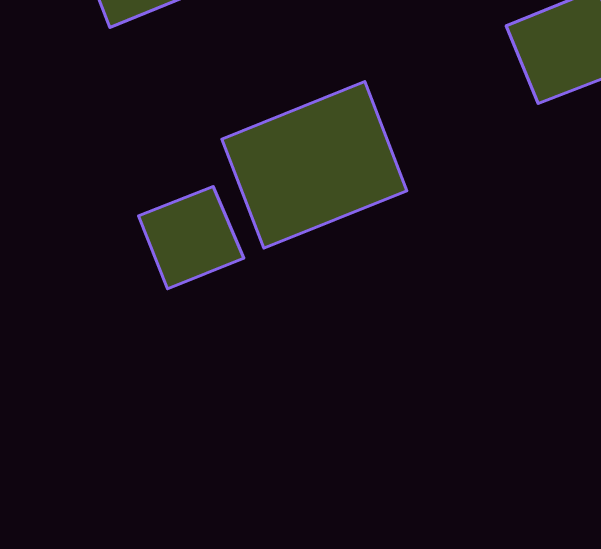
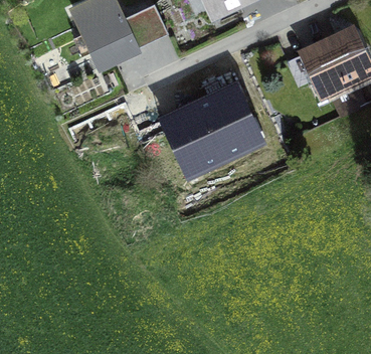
building: [138,186,244,289] -> none

